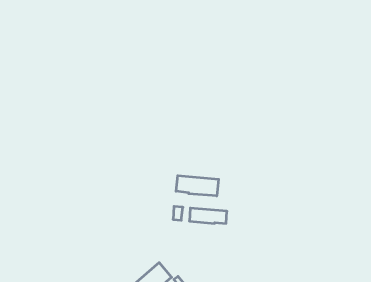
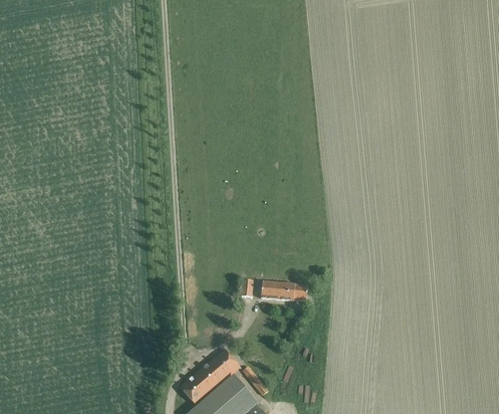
building: [176,176,219,196] -> none

